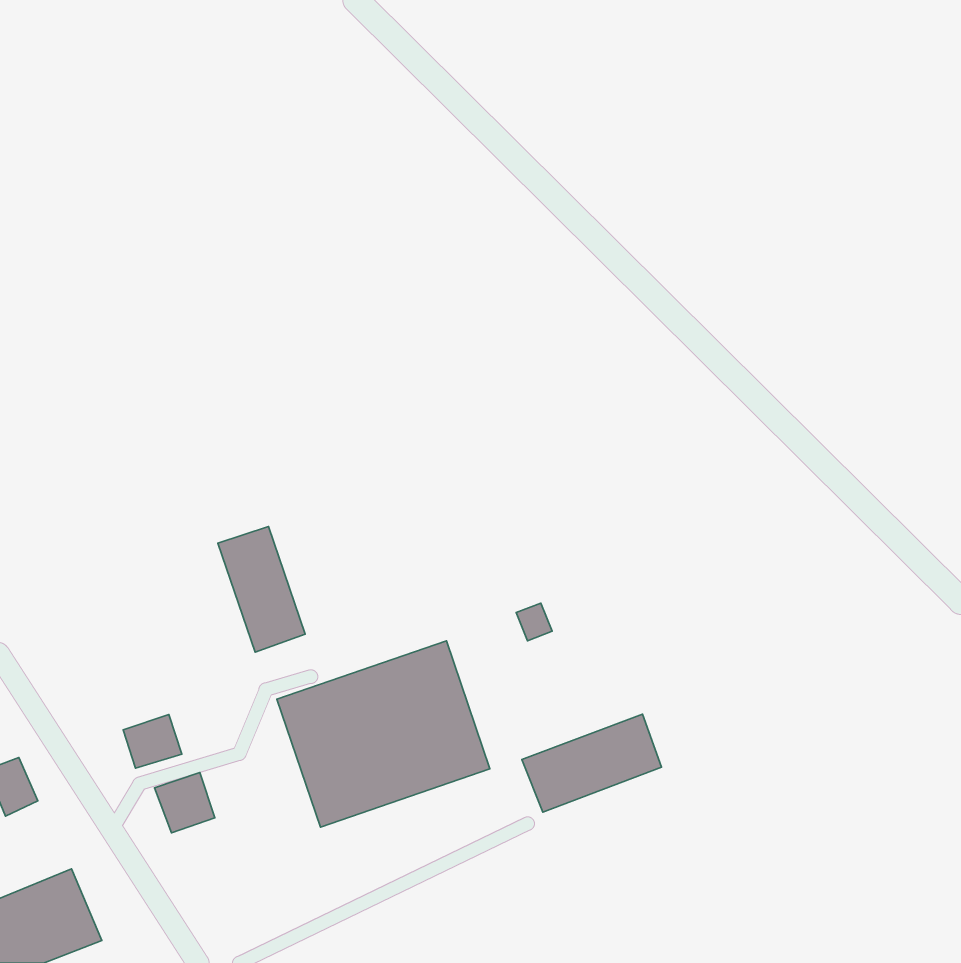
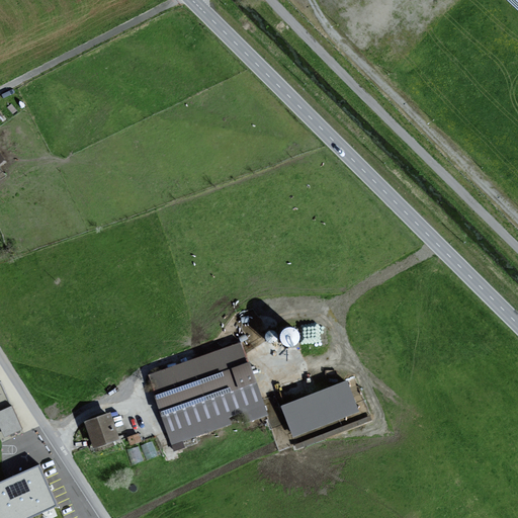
building: [218,526,305,652] -> none
building: [123,715,182,768] -> none

